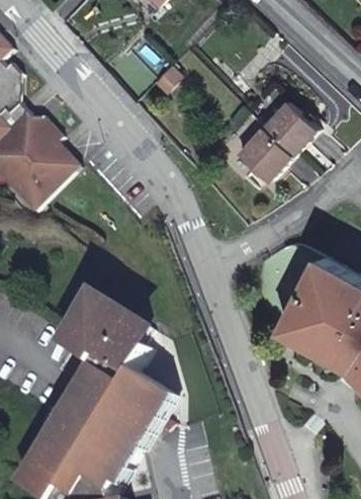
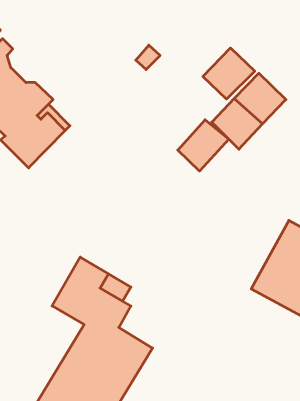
building: none -> [203,48,255,99]
building: none -> [178,120,229,171]

